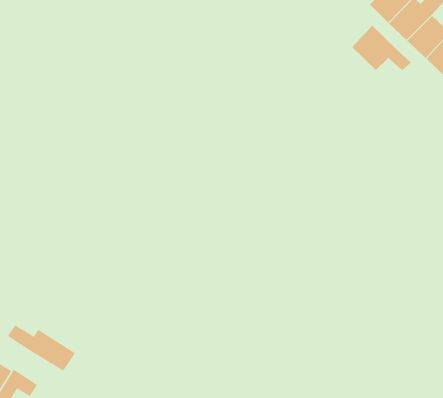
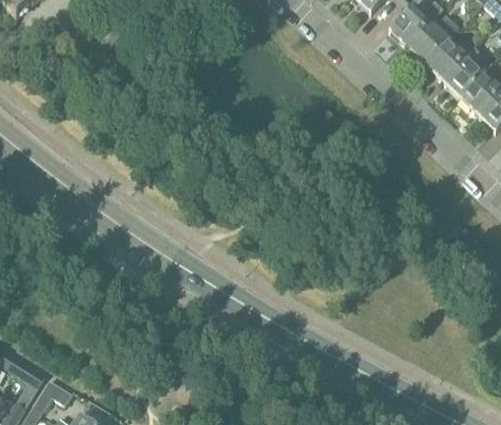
building: [351,25,411,71] -> none
building: [7,324,76,372] -> none

